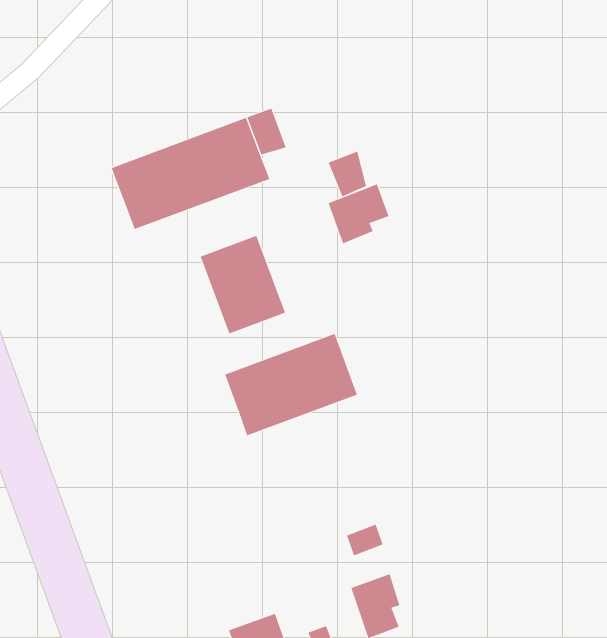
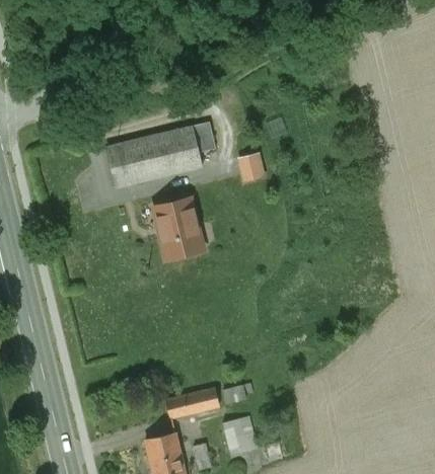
building: [328,183,389,244] -> none
building: [224,331,358,436] -> none
building: none -> [166,388,219,416]

